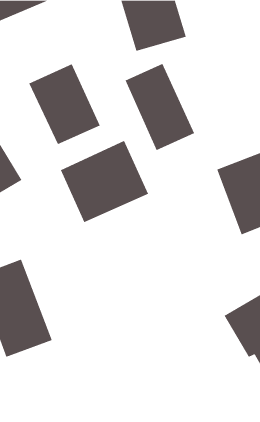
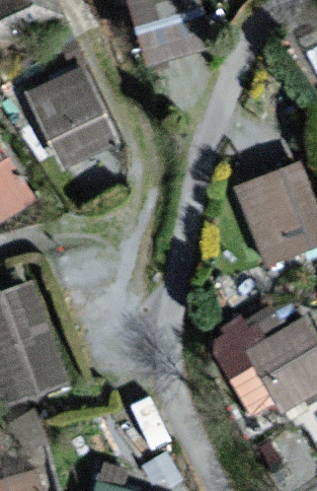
building: [124,63,195,151] -> none
building: [60,140,149,223] -> none

